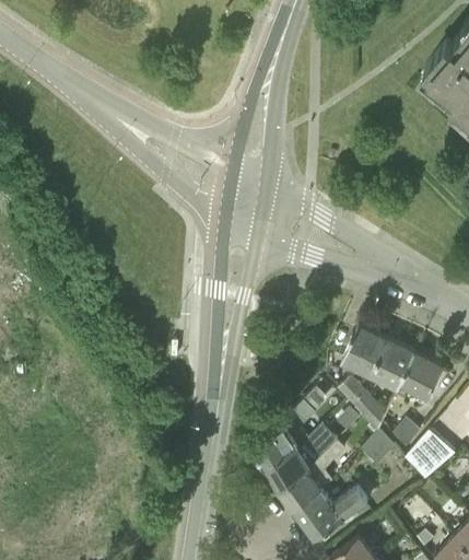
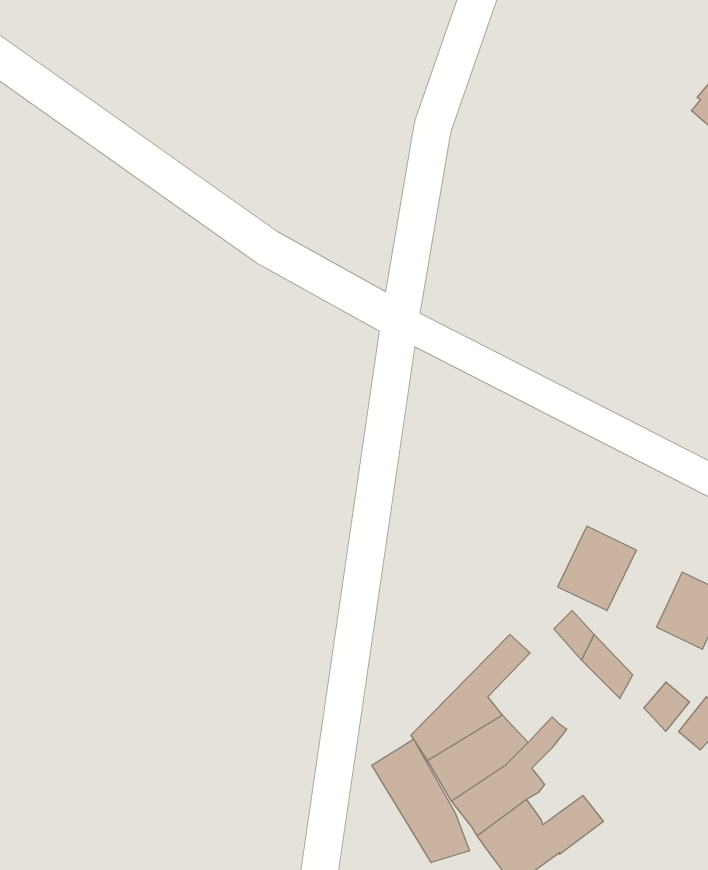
building: [372,341,417,390] -> none
building: [362,430,396,468] -> none
building: none -> [372,739,469,863]

